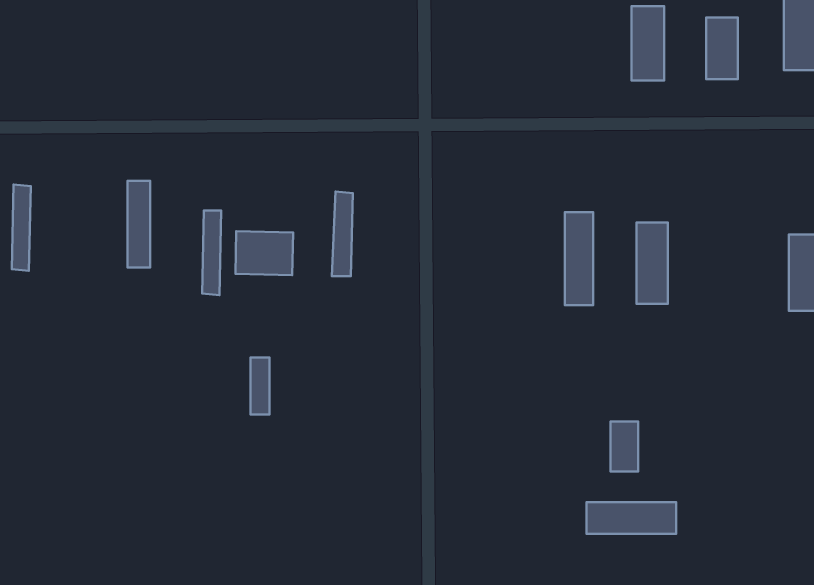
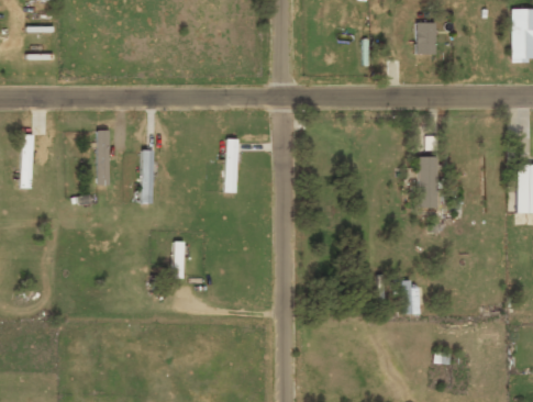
building: [706,17,738,79] -> none
building: [565,212,593,305] -> none
building: [235,231,293,275] -> none
building: [587,502,676,534] -> none

